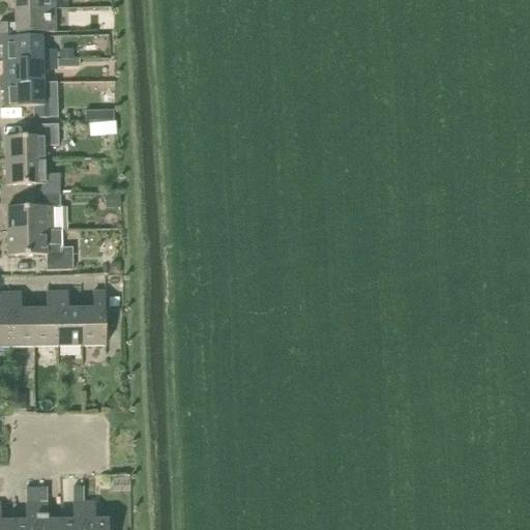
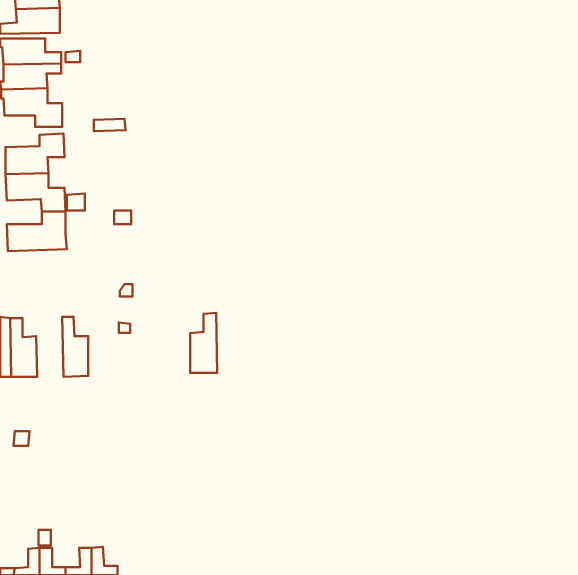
building: [7,228,73,269] -> none
building: [81,289,106,344] -> [190,313,217,373]
building: [33,290,58,345] -> none

